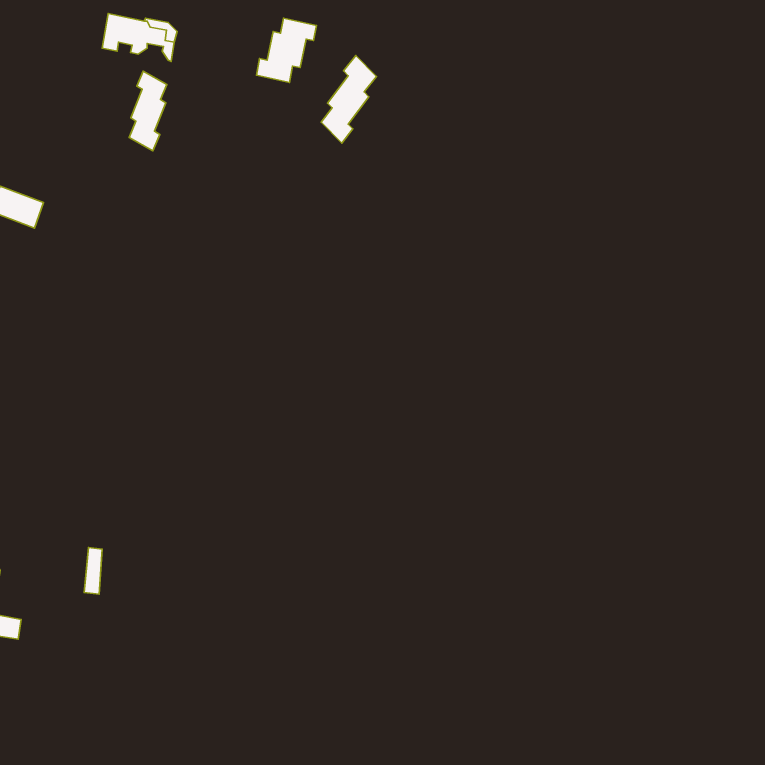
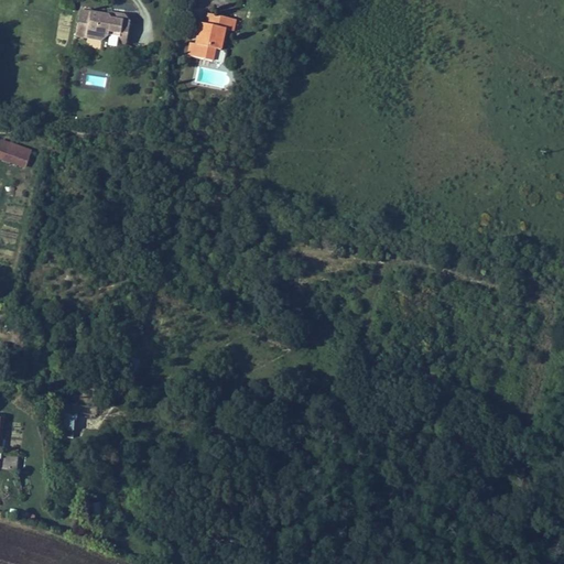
building: [321,55,376,143] -> none
building: [129,71,167,151] -> none

